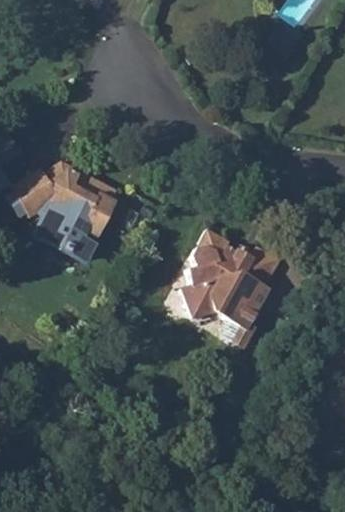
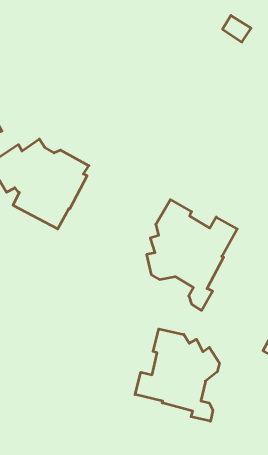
building: none -> [135,329,219,421]

